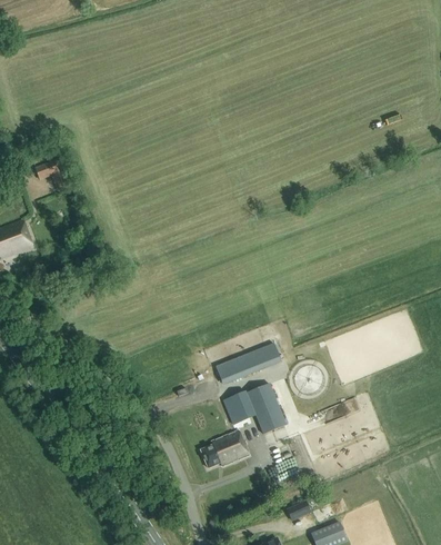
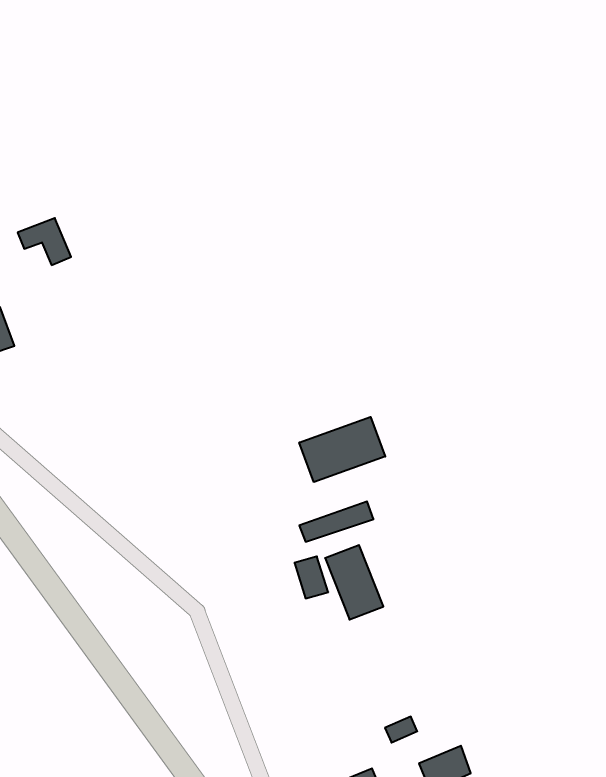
building: none -> [299,417,385,482]
building: [200,428,249,467] -> none

